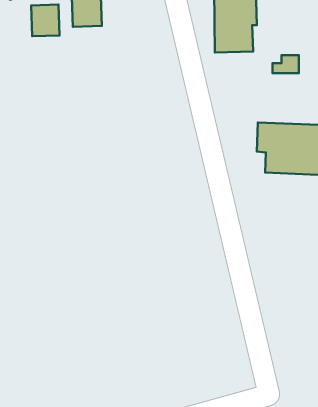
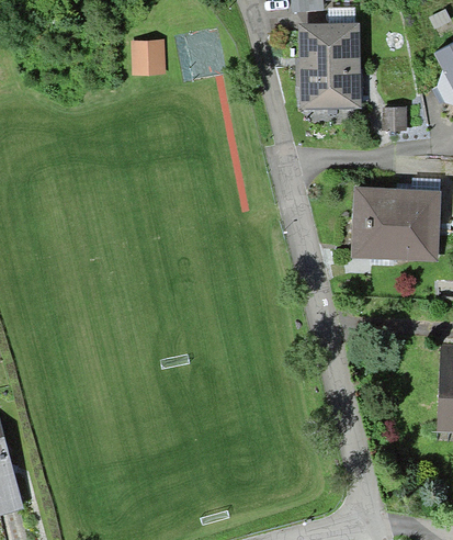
building: [31,5,59,36] -> none

